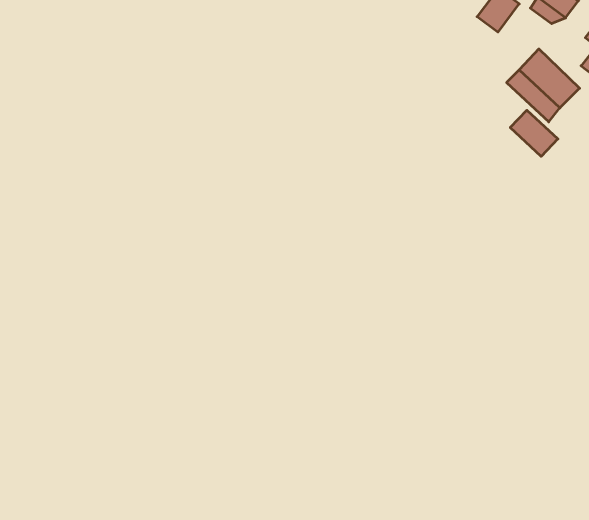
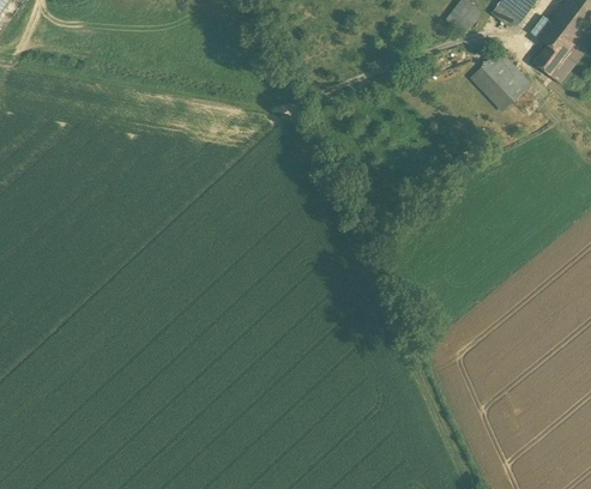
building: [510,110,558,156] -> none

